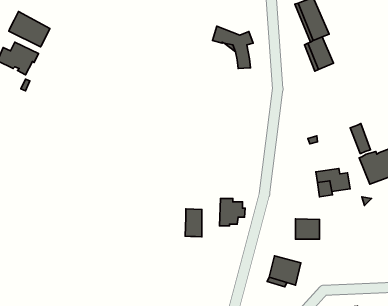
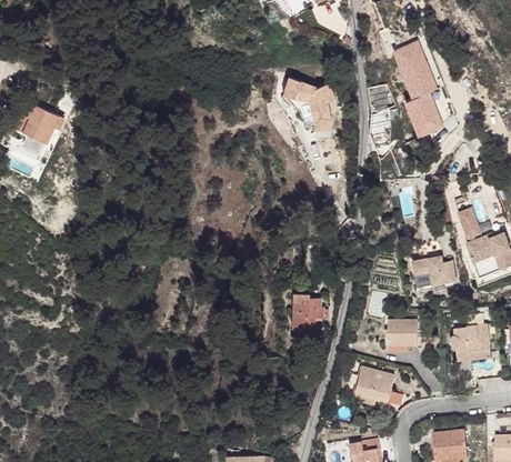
building: [9,12,50,47] -> none
building: [185,209,202,237] -> none
building: none -> [450,323,492,362]

